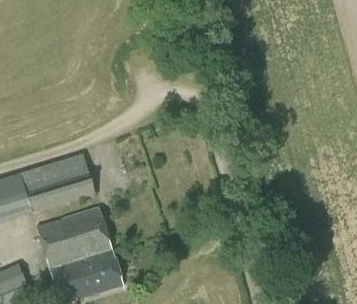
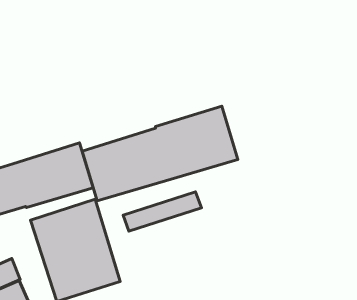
building: none -> [82,106,238,201]
building: none -> [123,192,202,231]

